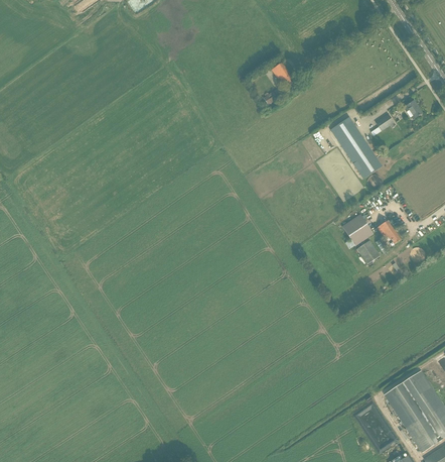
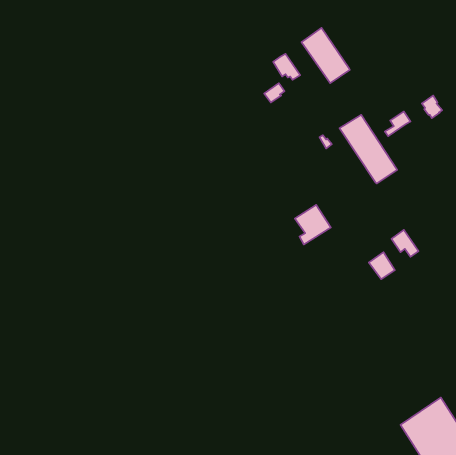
building: none -> [302,28,350,83]
building: [341,213,374,248] -> [295,205,331,244]

